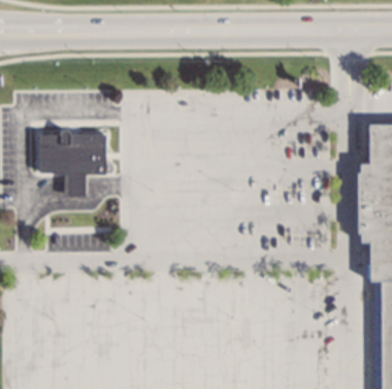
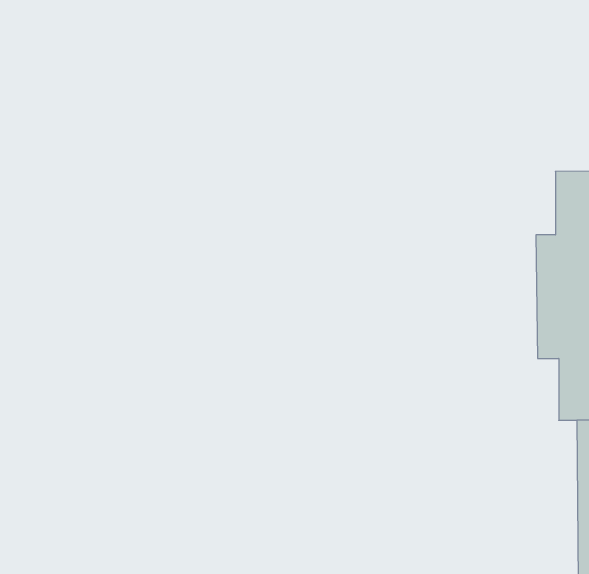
building: [42,136,108,197] -> none

